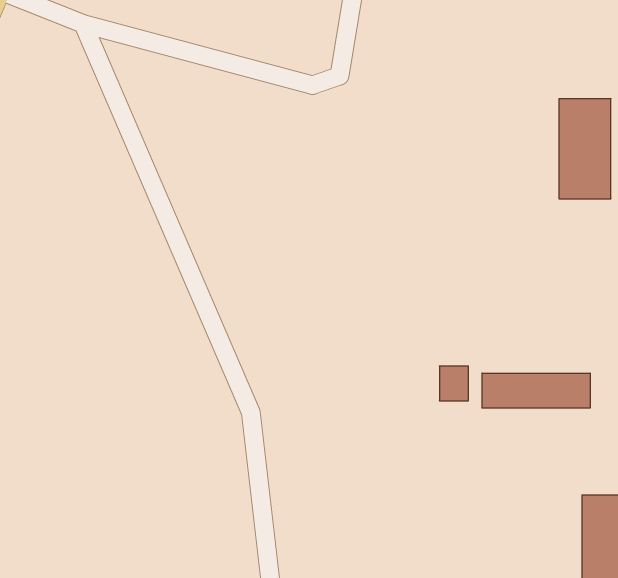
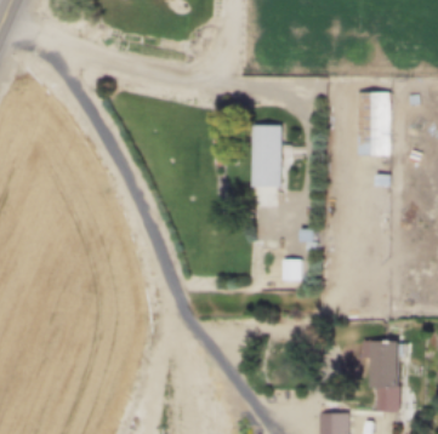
building: none -> [252,125,281,187]
building: [482,373,590,408] -> none

